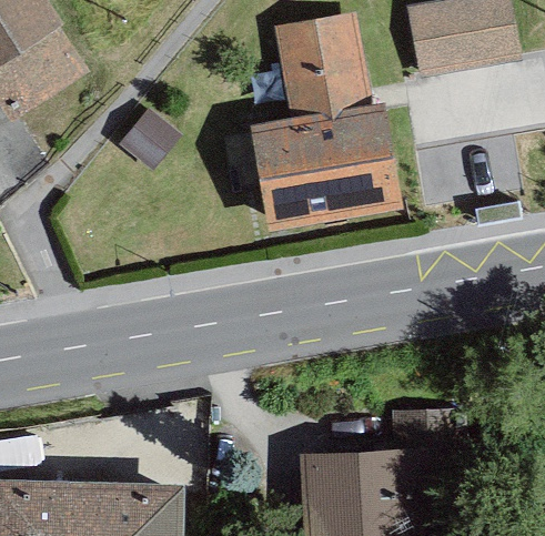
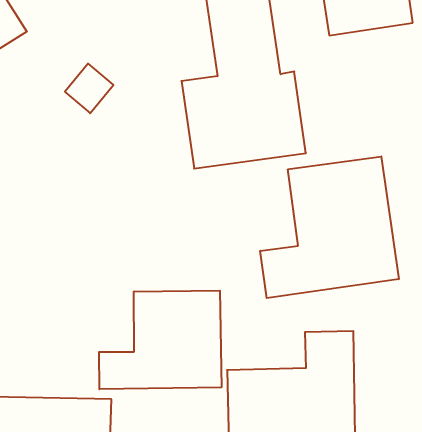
building: none -> [260,156,399,298]
building: none -> [99,291,221,389]

